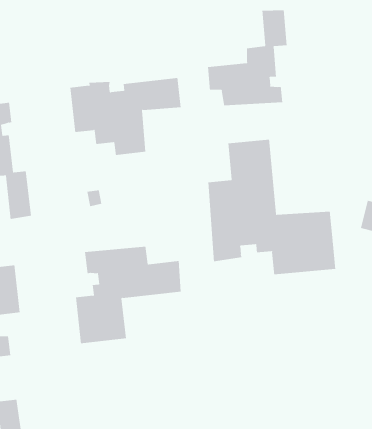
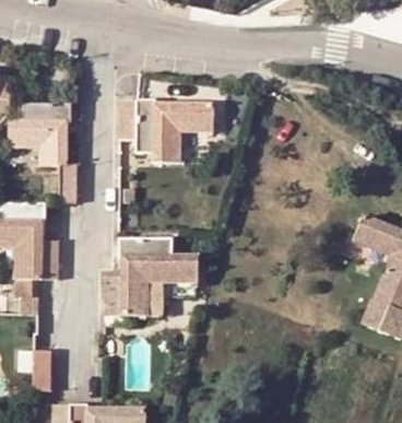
building: [207,9,287,106] -> none
building: [208,139,336,275] -> none

